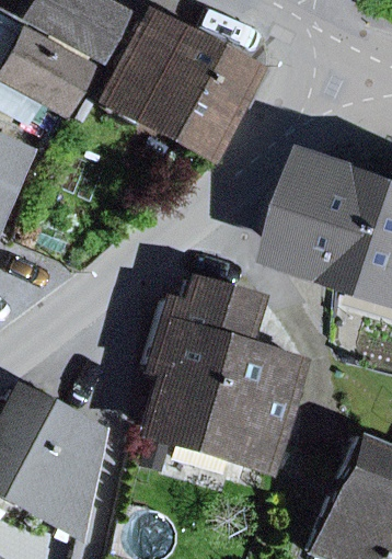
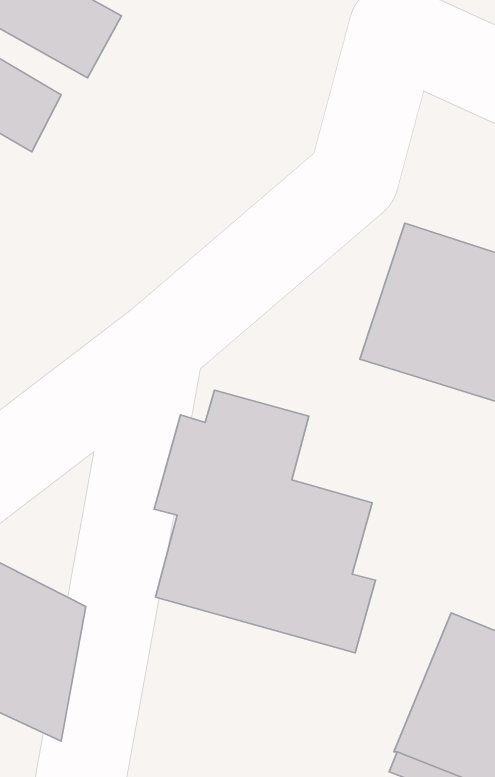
building: [102,14,262,148] -> none

